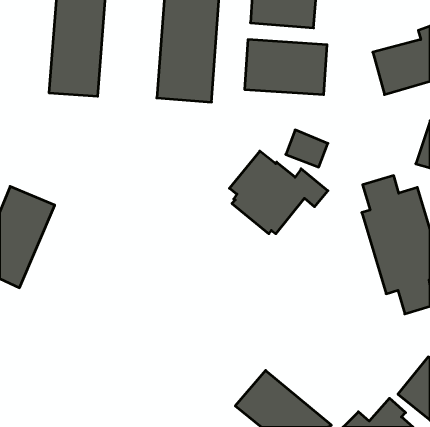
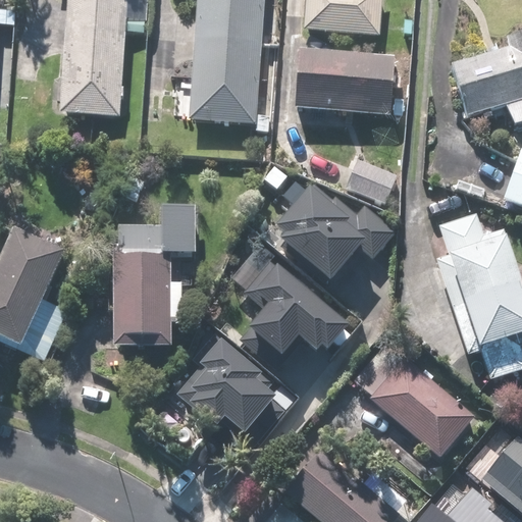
building: none -> [114,203,196,347]
building: none -> [240,260,351,371]
building: none -> [176,332,278,435]
building: none -> [353,340,476,457]

